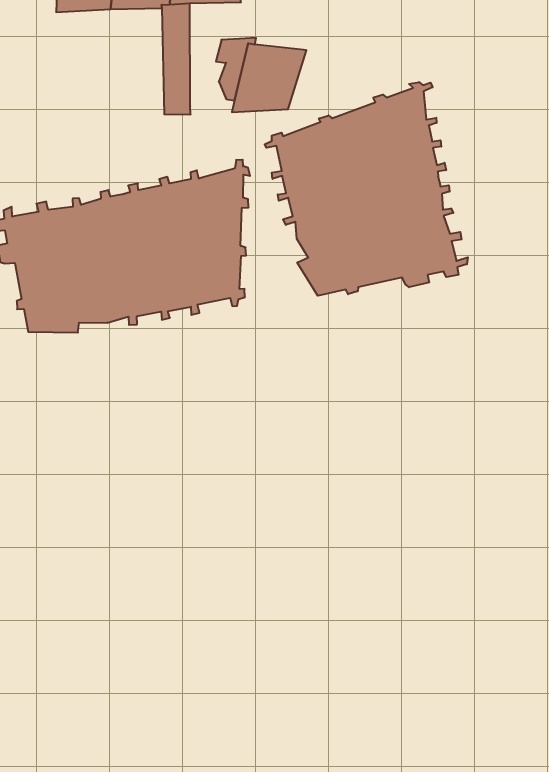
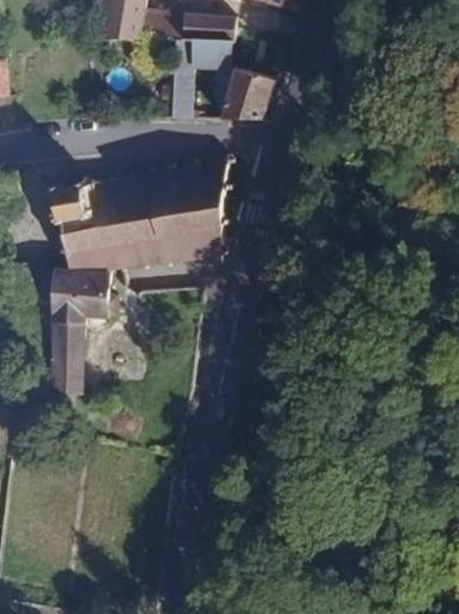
building: [265,82,468,296] -> none
building: none -> [49,271,117,395]

